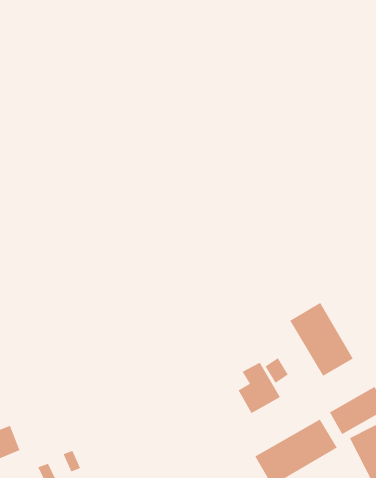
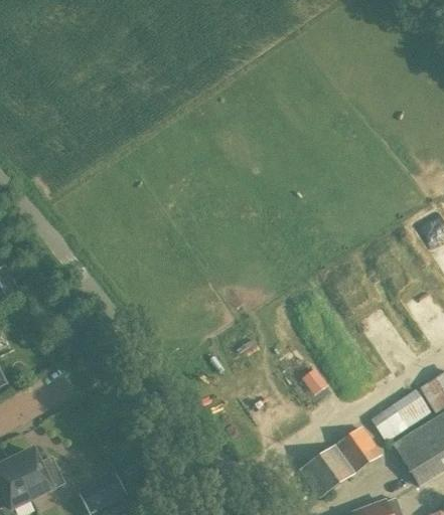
building: [289,302,354,377] -> none
building: [238,361,281,414] -> none

